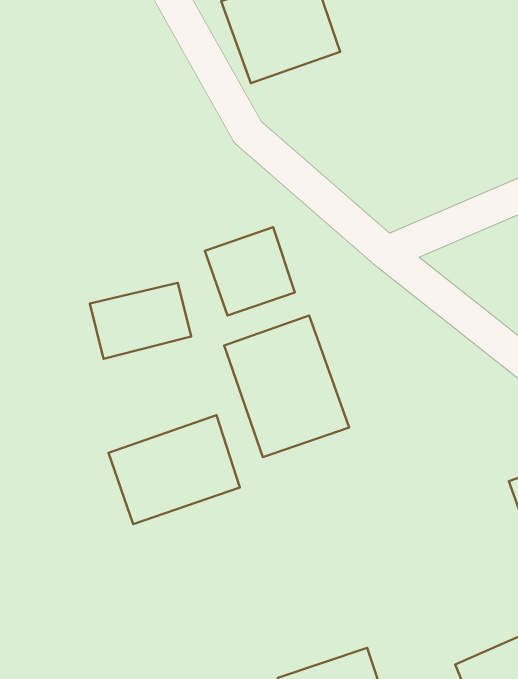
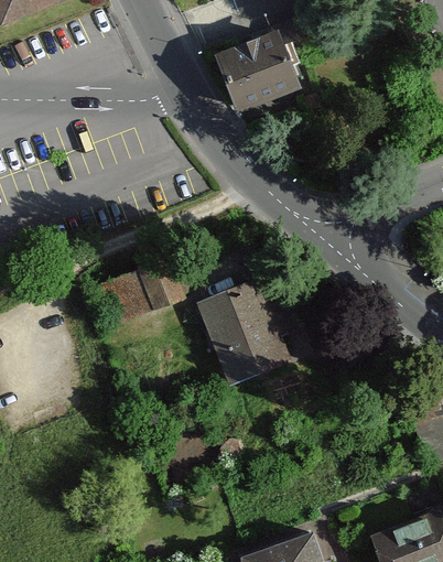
building: [205,227,295,316] -> none
building: [109,415,240,524] -> none

